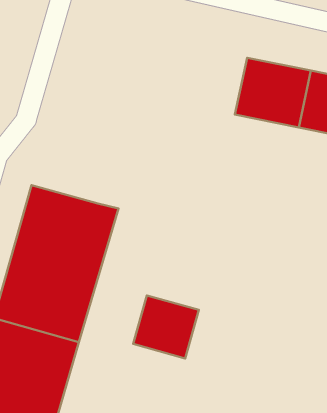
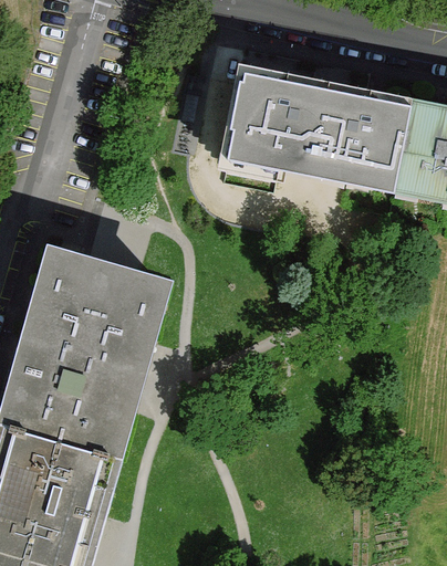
building: none -> [225,71,326,166]
building: [133,295,199,358] -> none

